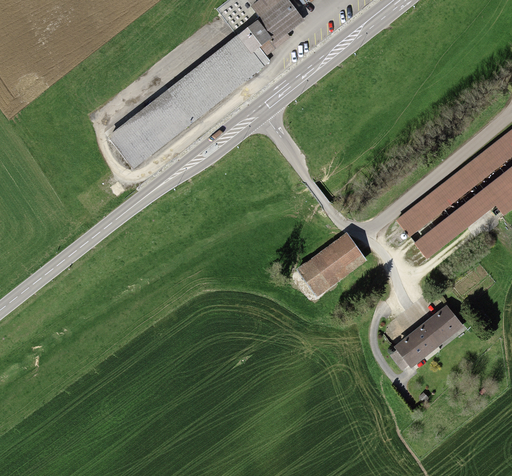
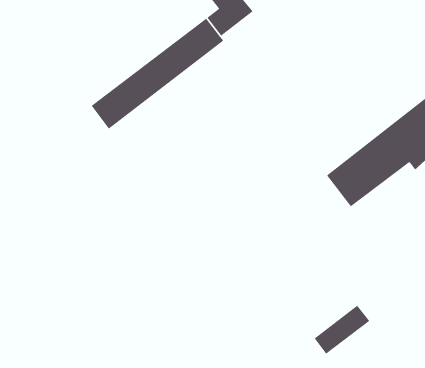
building: [298,234,366,295] -> none
building: [397,306,464,365] -> [314,305,370,354]

